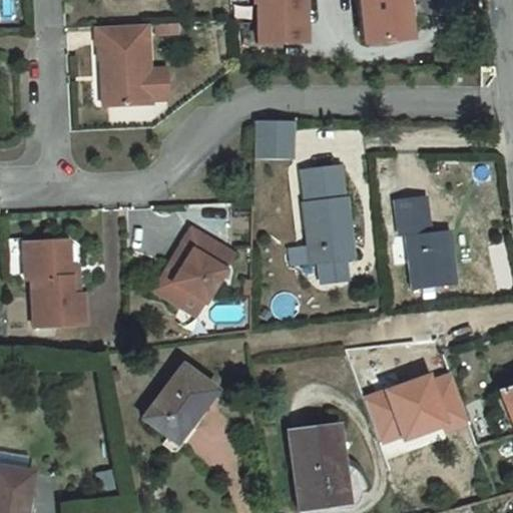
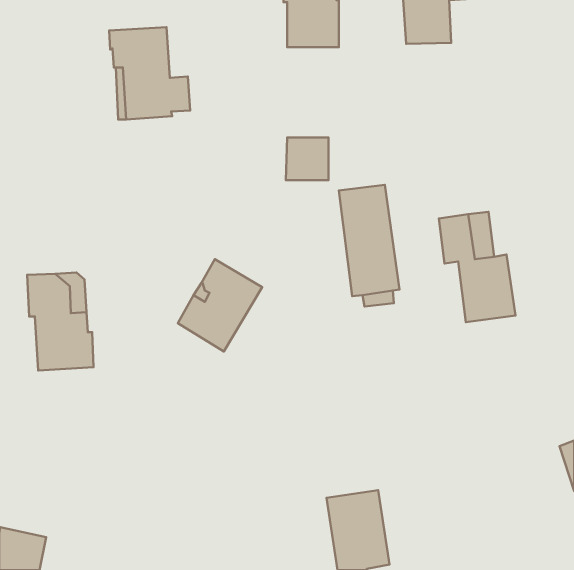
building: [363,370,464,438] -> none
building: [148,377,217,451] -> none

